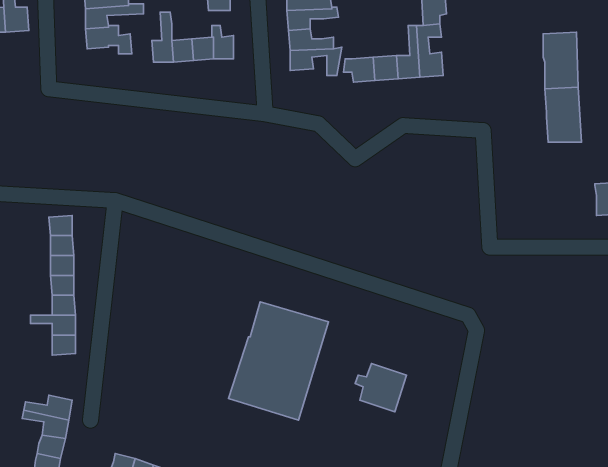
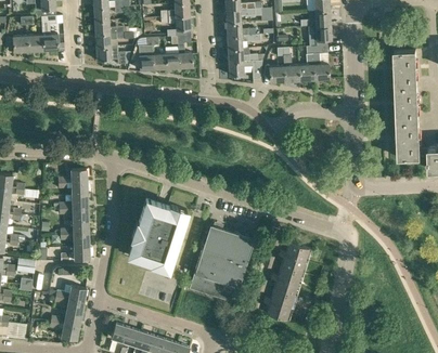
building: none -> [397,122,420,158]
building: none -> [128,199,186,270]
building: none -> [279,243,312,274]
building: none -> [263,290,297,322]

